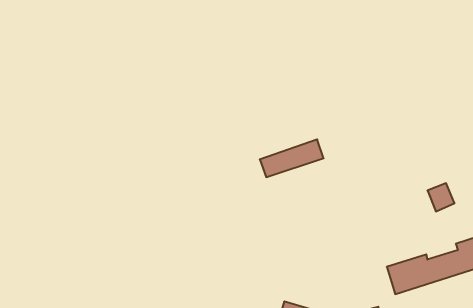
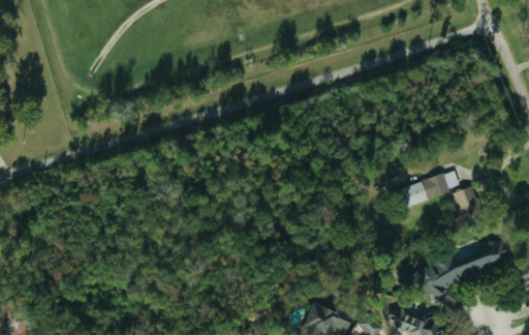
building: [260,139,324,177] -> [399,171,462,208]

